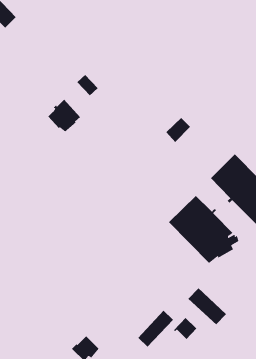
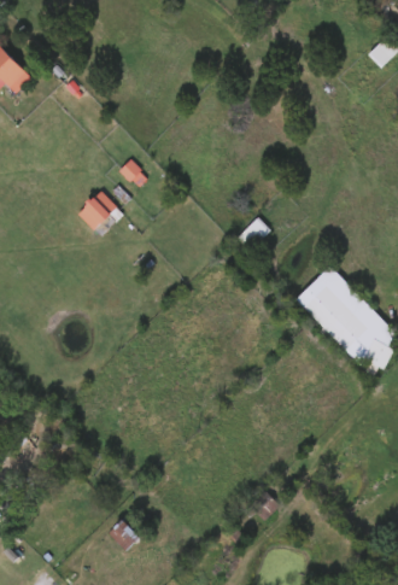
building: [168,195,239,264] -> none
building: [188,287,227,325] -> none
building: [138,310,174,348] -> none

